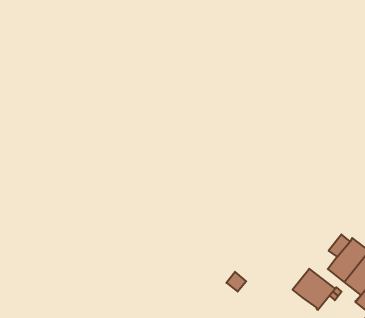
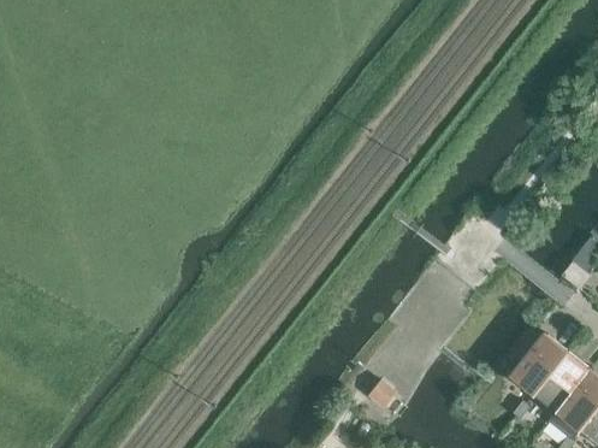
building: [293,269,335,310] -> none

